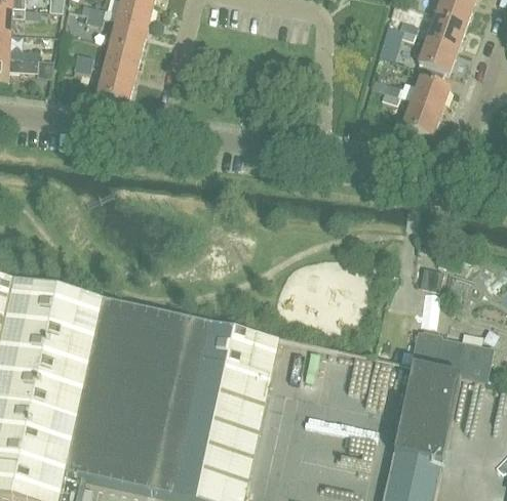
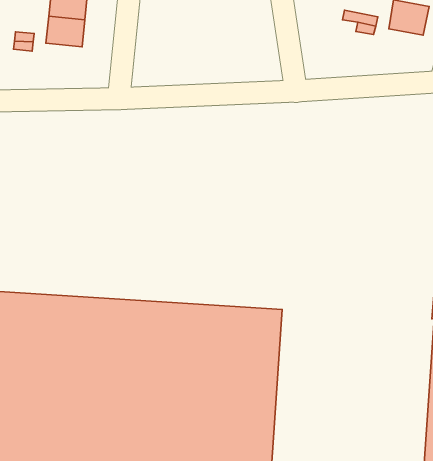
building: [96,68,134,100] -> none
building: [401,101,440,136] -> none

